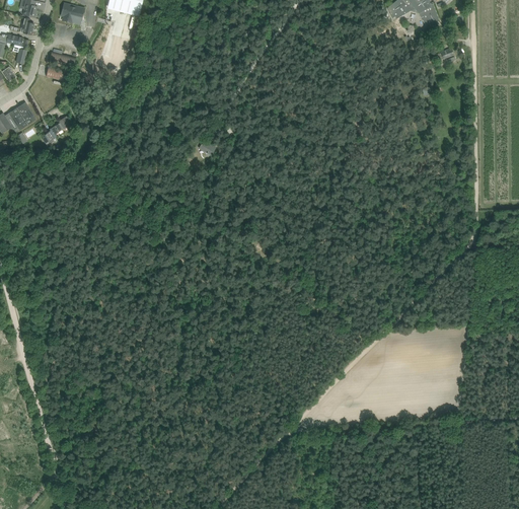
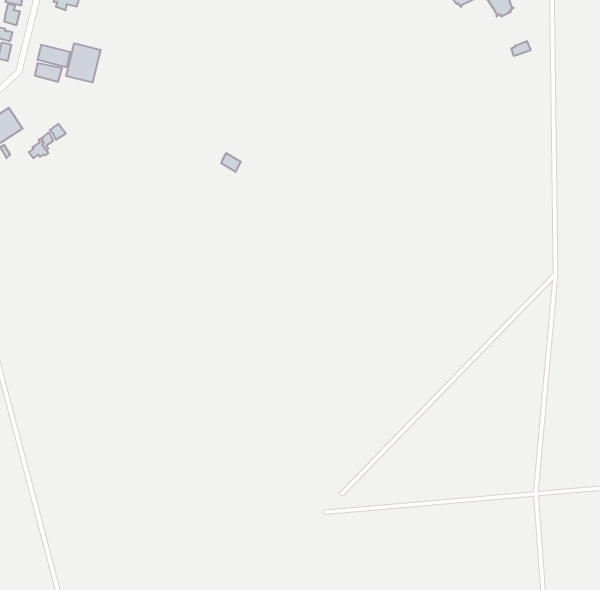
building: none -> [66,43,101,83]

